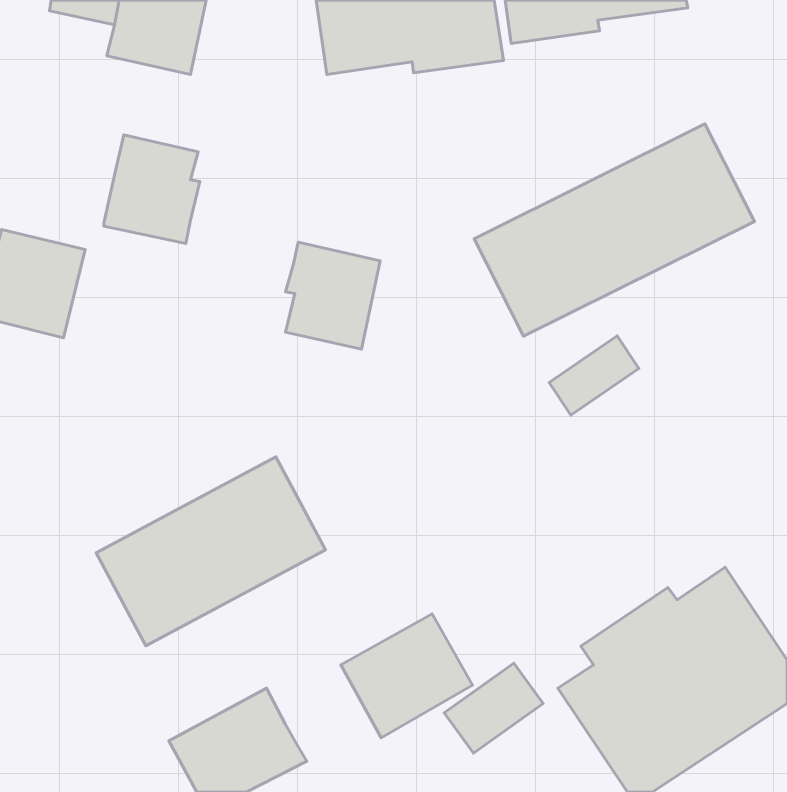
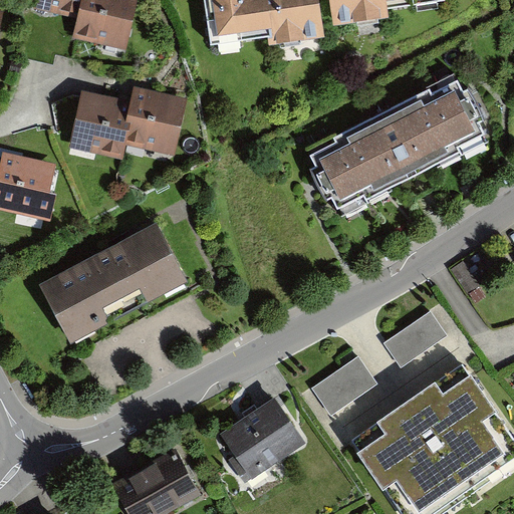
building: [286,242,380,349] -> [123,84,185,154]
building: [549,336,639,415] -> [386,310,444,361]
building: [96,457,326,646] -> [38,219,187,341]
building: [444,663,543,753] -> [312,355,376,414]

